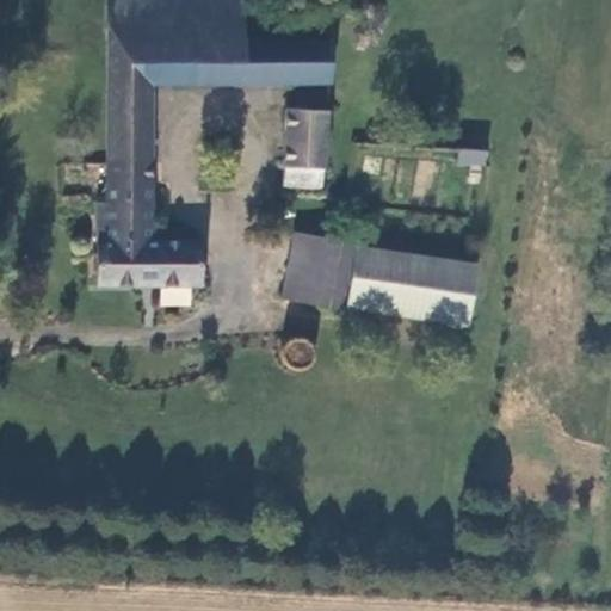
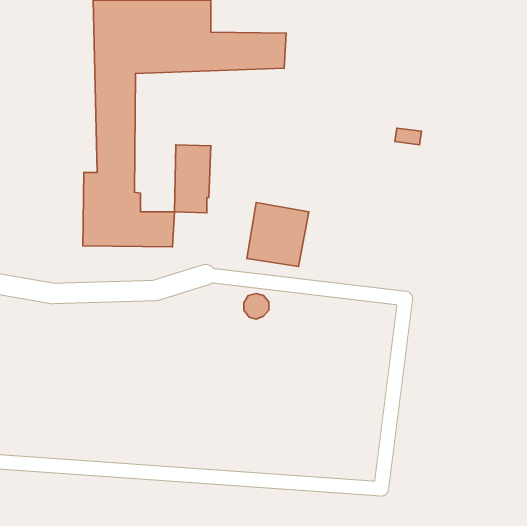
building: [286,107,328,186] -> [175,145,211,213]
building: [347,247,477,326] -> none

